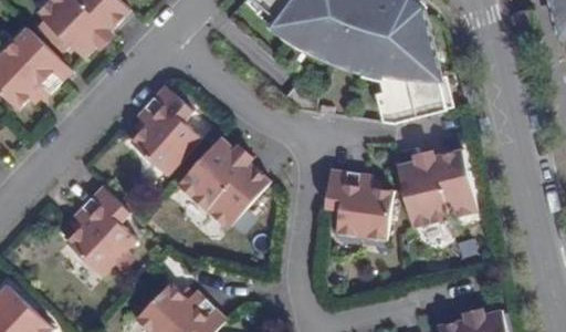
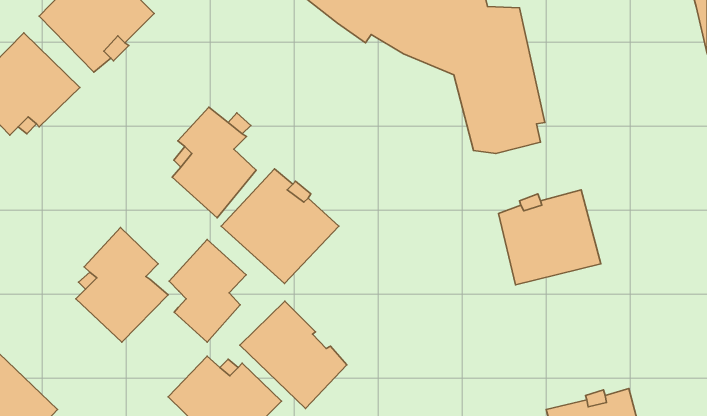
building: [321,173,392,238] -> none
building: none -> [169,239,246,342]
building: none -> [240,301,347,409]

